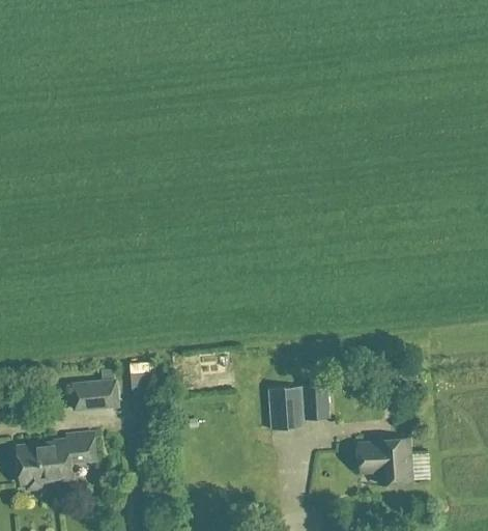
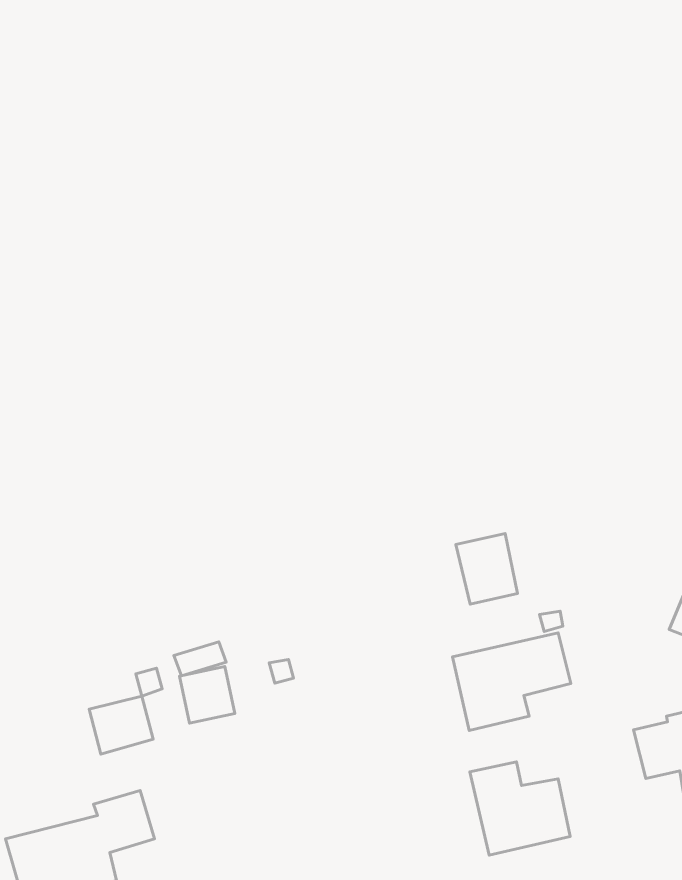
building: none -> [456,533,517,604]
building: none -> [470,762,570,855]

